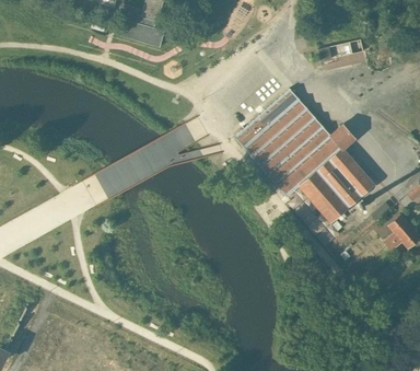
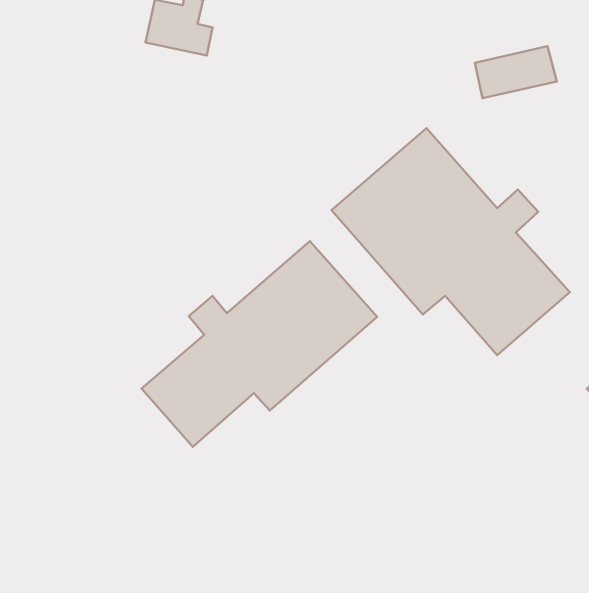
building: none -> [141,241,377,447]

